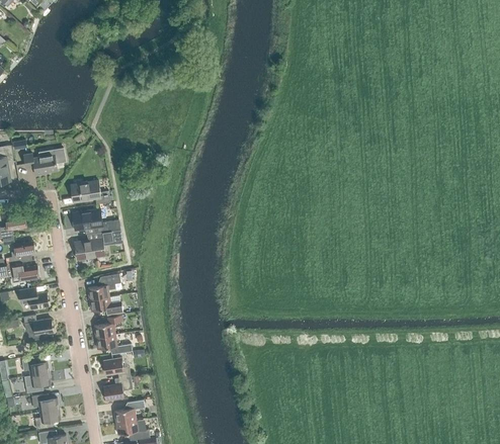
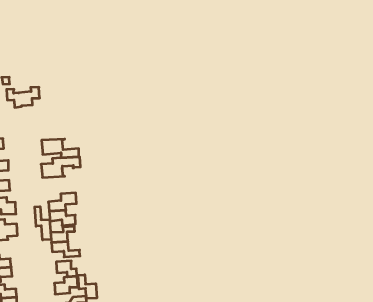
building: [70,181,110,204] -> none
building: none -> [35,207,51,240]
building: none -> [78,275,97,299]

